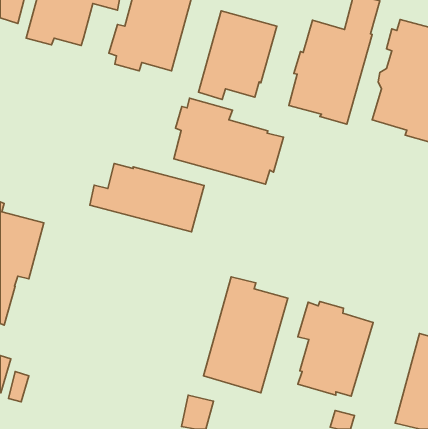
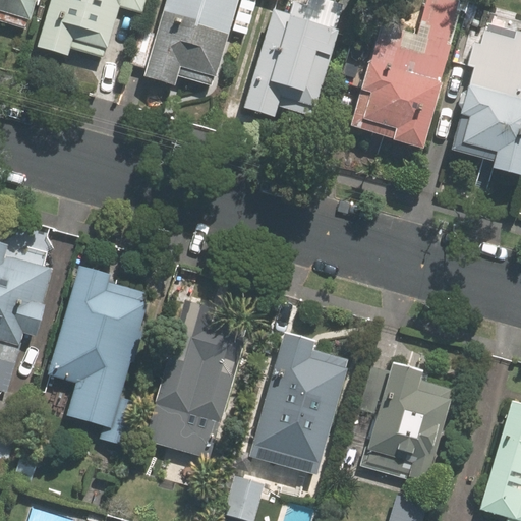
building: [174,98,283,184] -> none
building: [90,164,204,232] -> none
building: none -> [46,267,150,445]
building: none -> [147,303,243,457]

